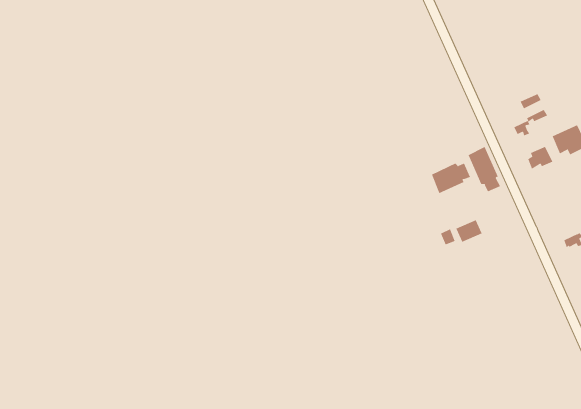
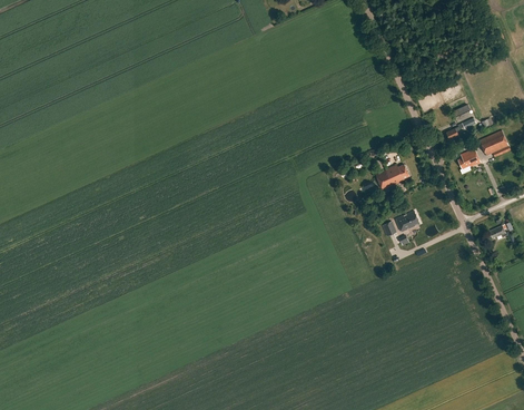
building: [468,146,501,192] -> none

